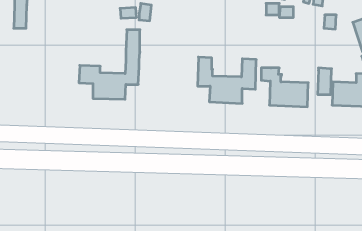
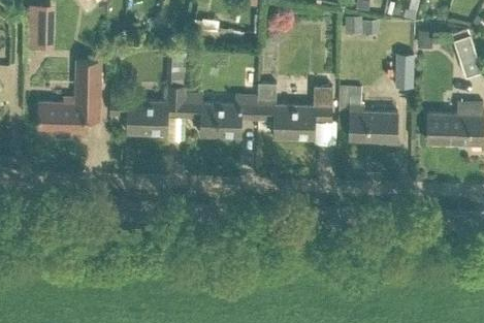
building: none -> [38,60,100,138]
building: none -> [185,83,260,137]
building: [318,68,332,94] -> [395,54,413,87]

